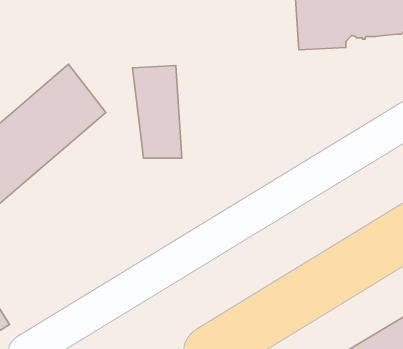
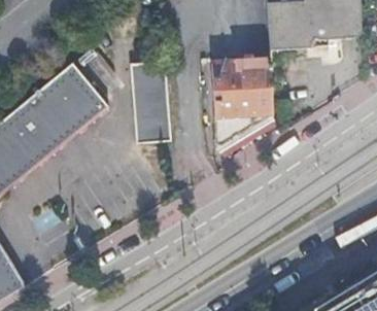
building: none -> [211,60,274,148]

